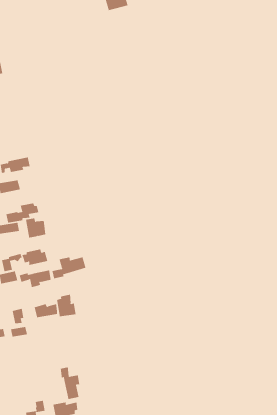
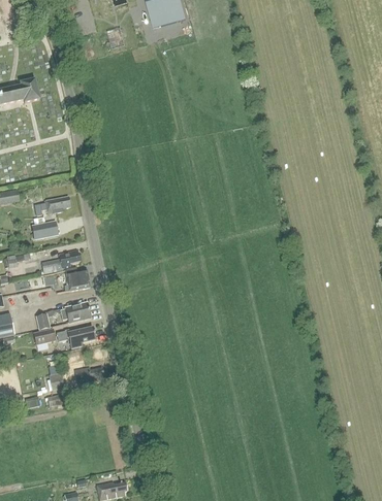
building: [52,257,86,279] -> none
building: [56,294,76,317] -> none
building: [60,367,80,400] -> none

